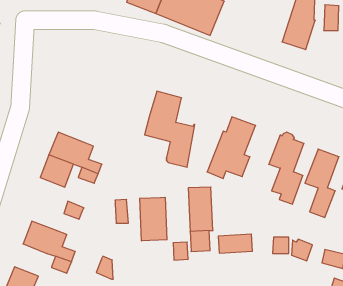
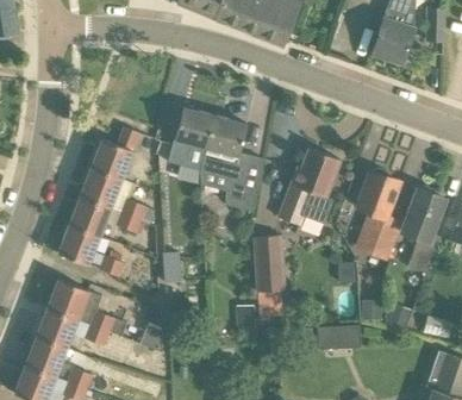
building: none -> [169,107,216,165]
building: none -> [92,126,139,179]
building: none -> [58,224,100,264]
building: [140,197,167,241] -> none
building: [218,234,252,253] -> [318,325,361,349]
building: none -> [37,307,77,348]

